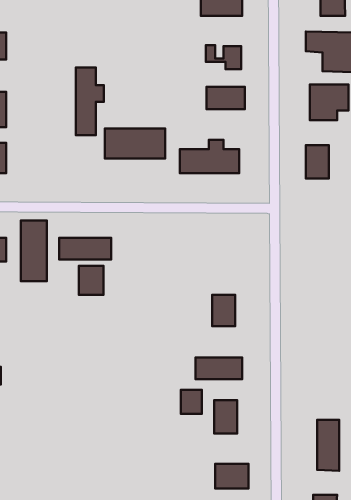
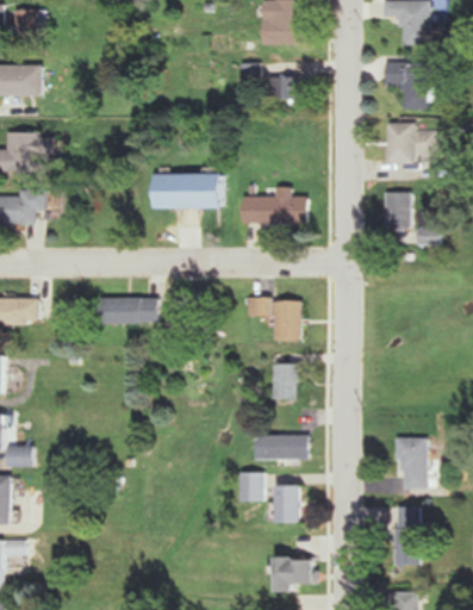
building: [76,67,104,135] -> none
building: [206,87,245,109] -> none
building: [21,221,47,281] -> none
building: none -> [243,298,299,341]
building: [79,266,103,295] -> none
building: none -> [398,437,428,488]

